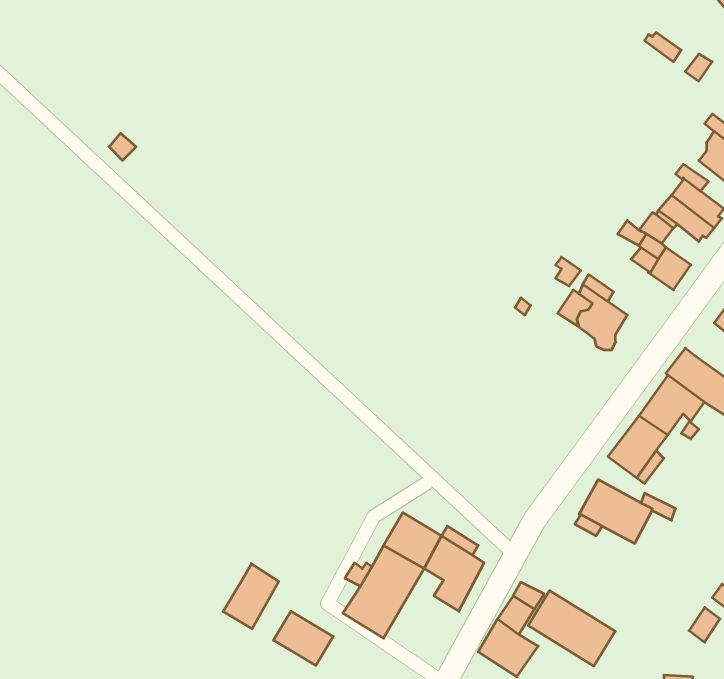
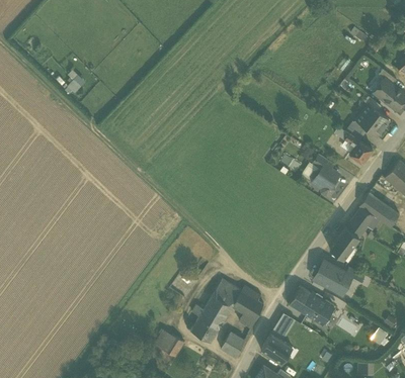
building: [223,564,279,629] -> none
building: [528,591,615,666] -> [289,286,334,325]
building: none -> [220,332,245,359]

